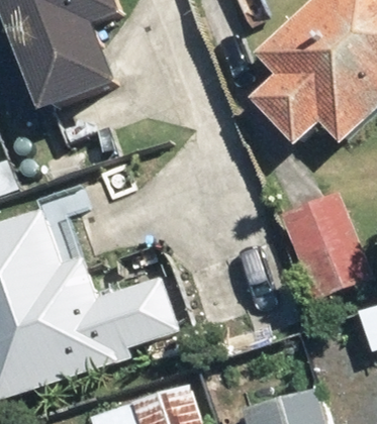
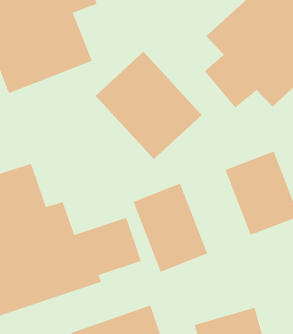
building: none -> [95,51,202,160]
building: none -> [133,183,208,273]

